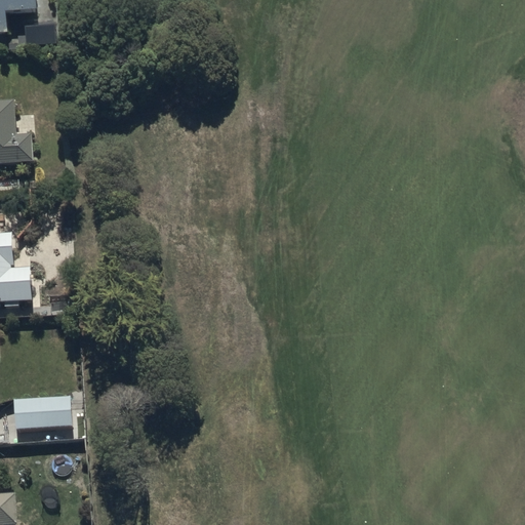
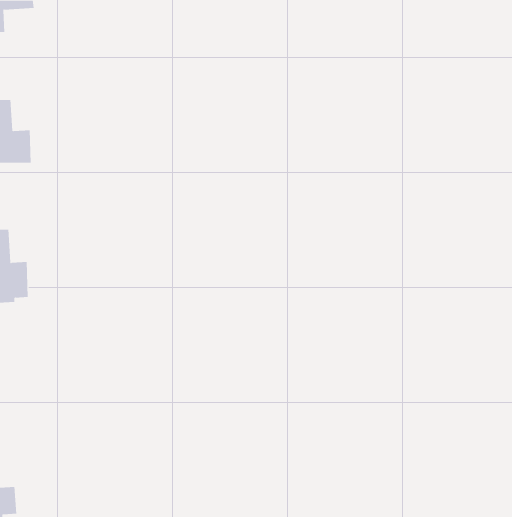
building: [9,397,68,430] -> none

